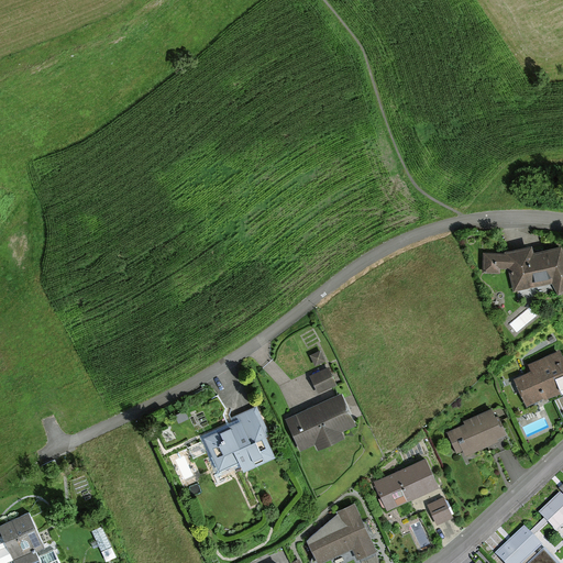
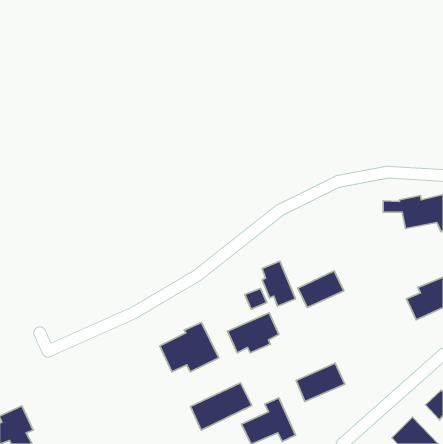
building: none -> [262,261,295,306]
building: [446,410,505,456] -> [298,271,344,307]
building: none -> [191,383,252,430]
building: [427,495,454,523] -> none

